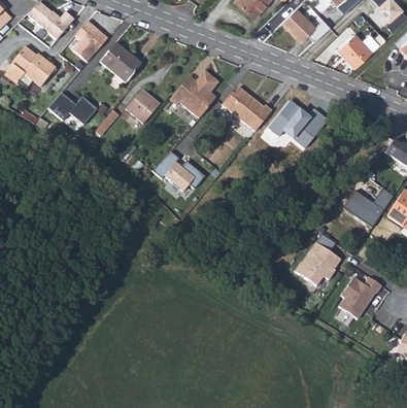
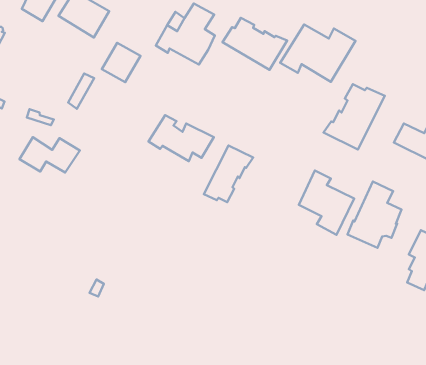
building: [49,91,98,123] -> [19,137,80,173]
building: none -> [324,84,385,150]
building: none -> [204,145,253,202]
building: none -> [299,170,354,235]

